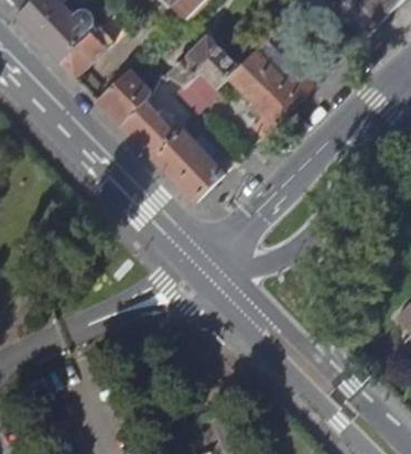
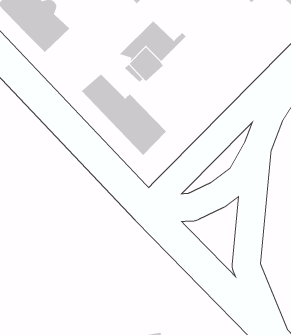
building: [229,47,314,132] -> none
building: [97,66,147,121] -> none

